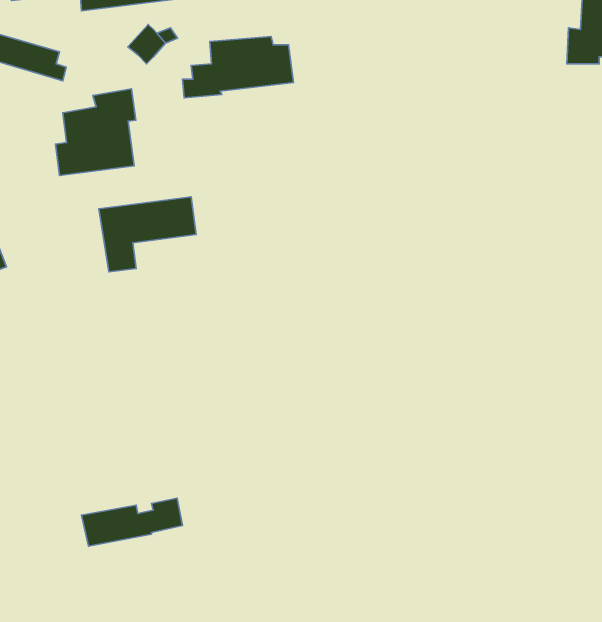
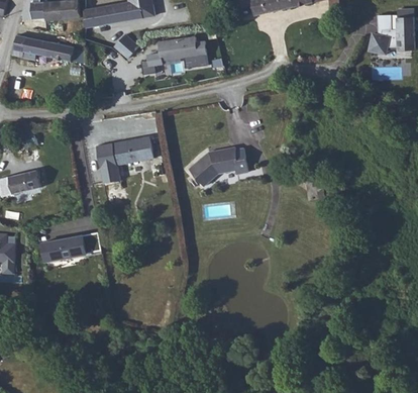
building: [55,89,136,176] -> none
building: none -> [188,150,246,186]
building: [82,498,182,546] -> [41,228,101,257]

